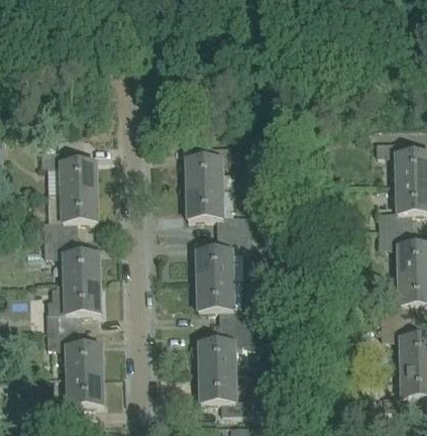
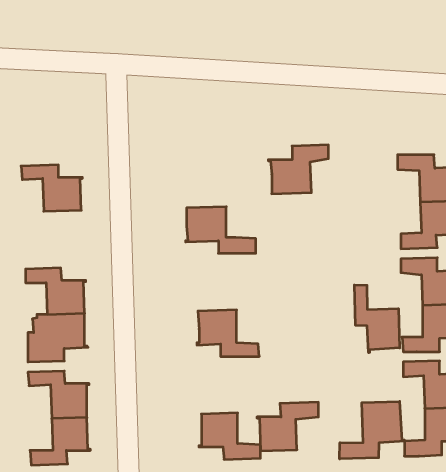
building: [185,143,238,187] -> [268,145,328,194]
building: [43,189,97,232] -> none
building: [196,236,250,279] -> none
building: none -> [354,285,400,353]
building: [198,327,252,370] -> [257,402,318,451]
building: none -> [340,401,404,459]

